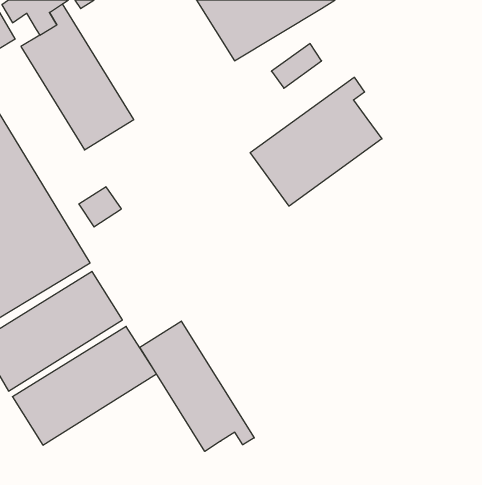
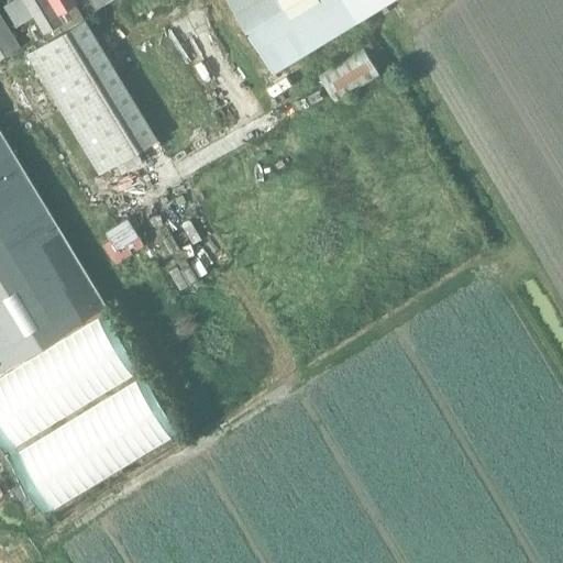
building: [250,77,382,206] -> none
building: [140,321,254,451] -> none

